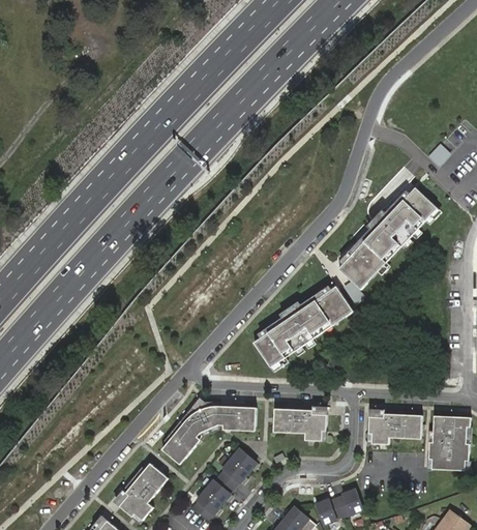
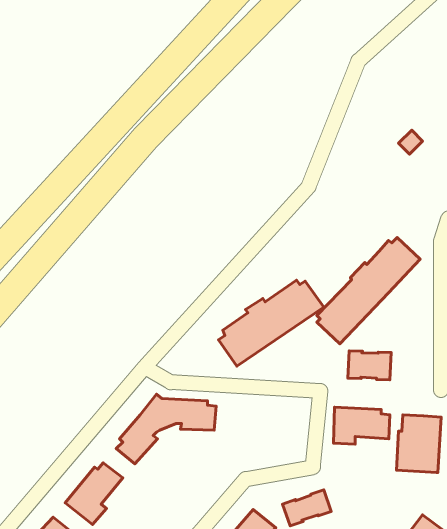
building: [342,192,441,293] -> [317,237,420,344]
building: none -> [348,351,391,380]
building: [272,405,326,441] -> none
building: [192,445,256,516] -> none

